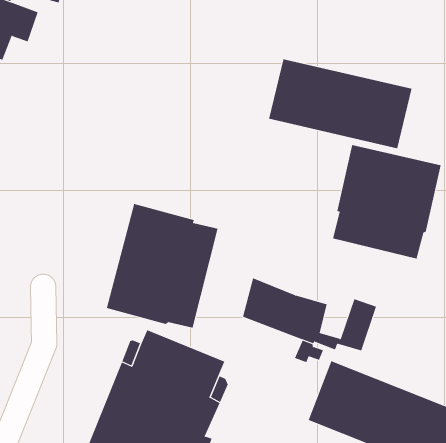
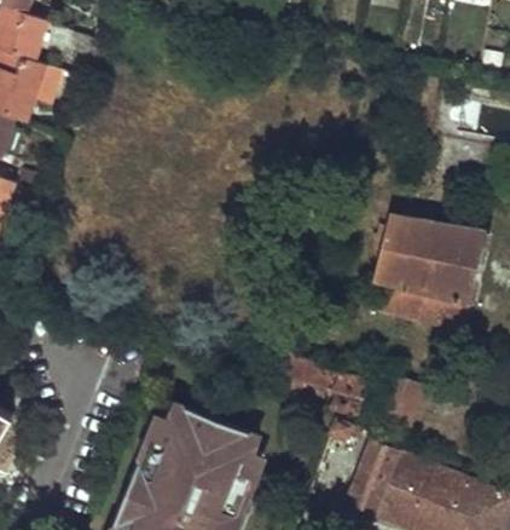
building: [268,59,412,149] -> none
building: [106,203,218,328] -> none

